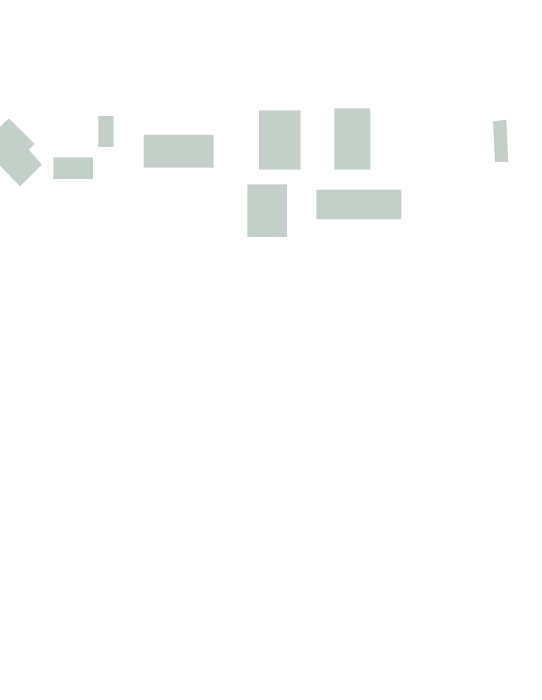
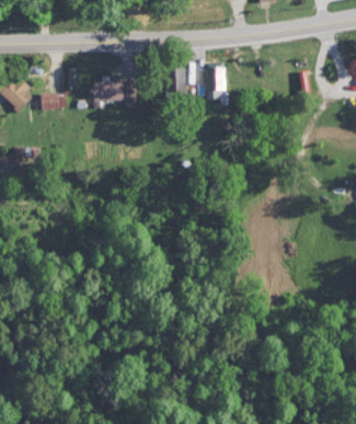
building: [247,184,288,238] -> none
building: [316,189,402,220] -> none

